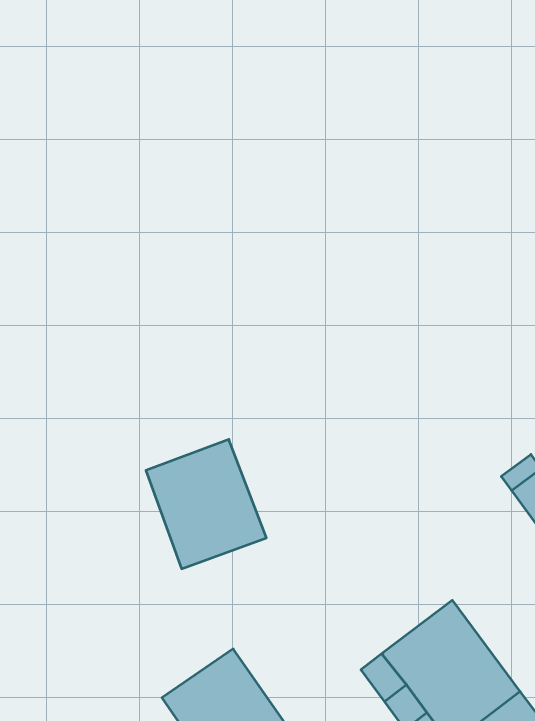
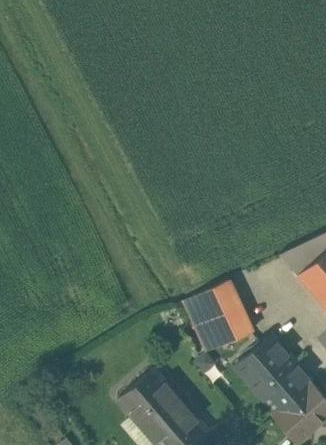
building: [146,439,266,569] -> [186,282,253,353]

